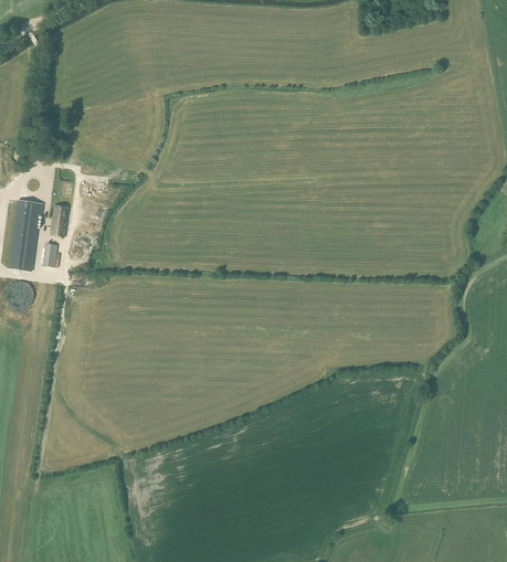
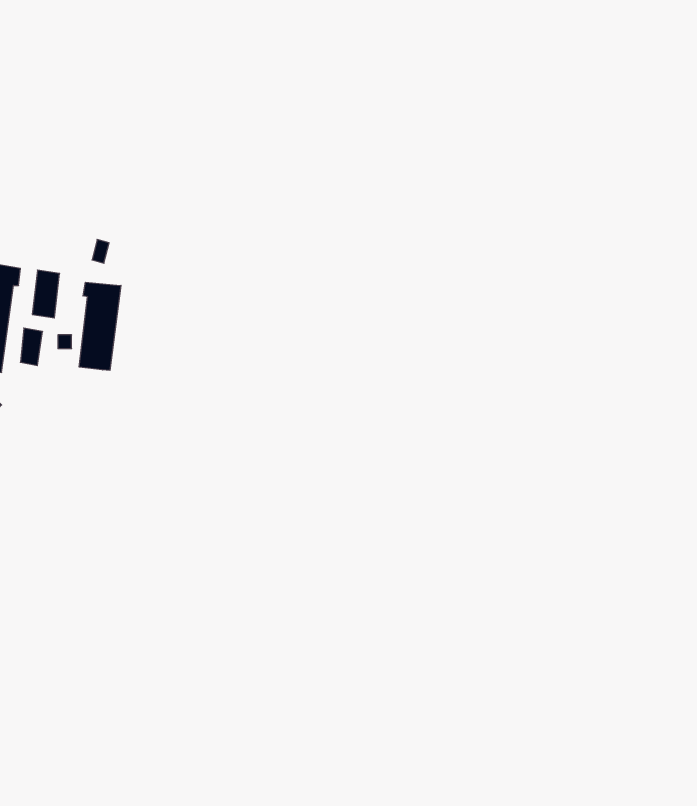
building: none -> [79,282,121,370]

